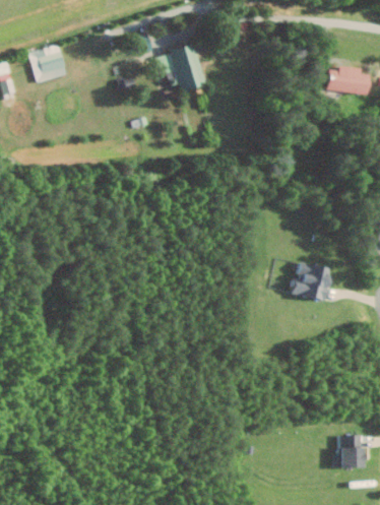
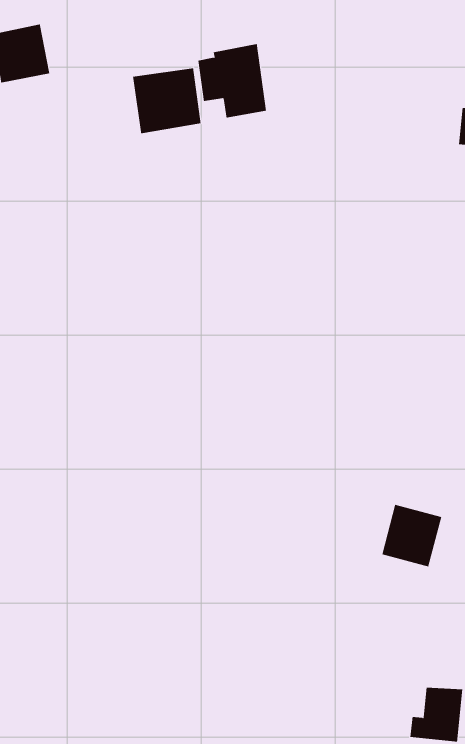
building: none -> [132,67,201,134]
building: [296,262,331,300] -> [382,504,442,567]

